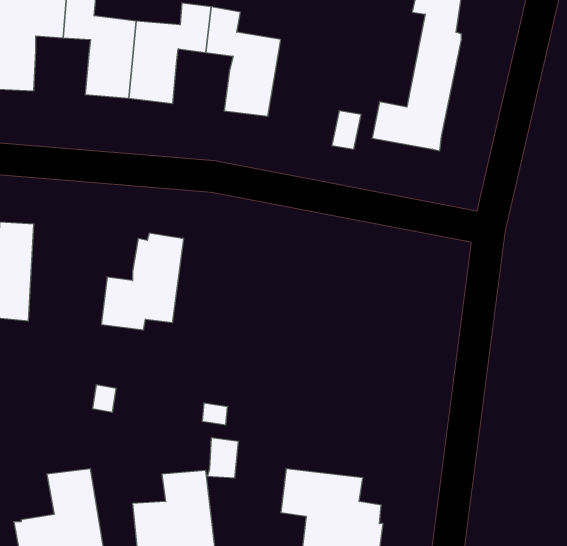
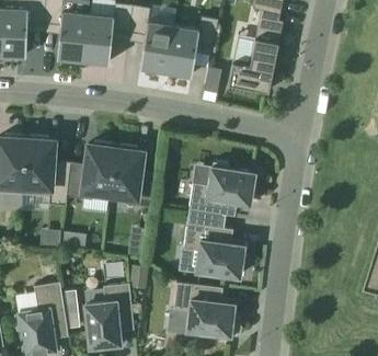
building: none -> [165,18,217,77]
building: none -> [22,137,69,206]
building: none -> [108,146,153,208]
building: none -> [188,163,255,218]
building: none -> [183,225,244,278]

